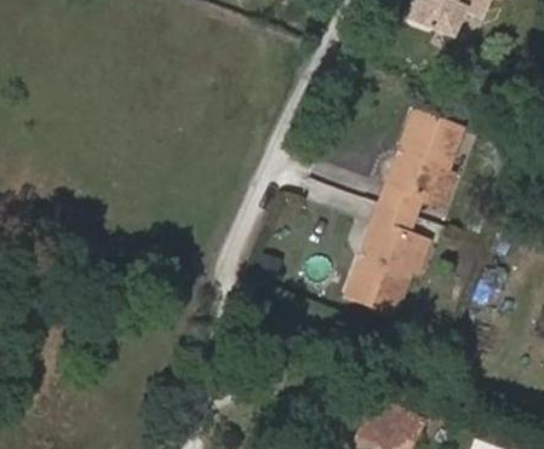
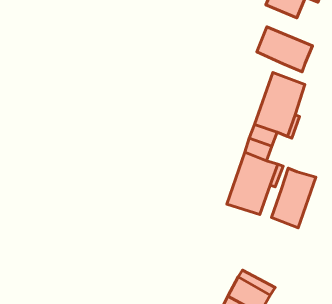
building: none -> [257,27,312,72]
building: none -> [271,168,316,228]

